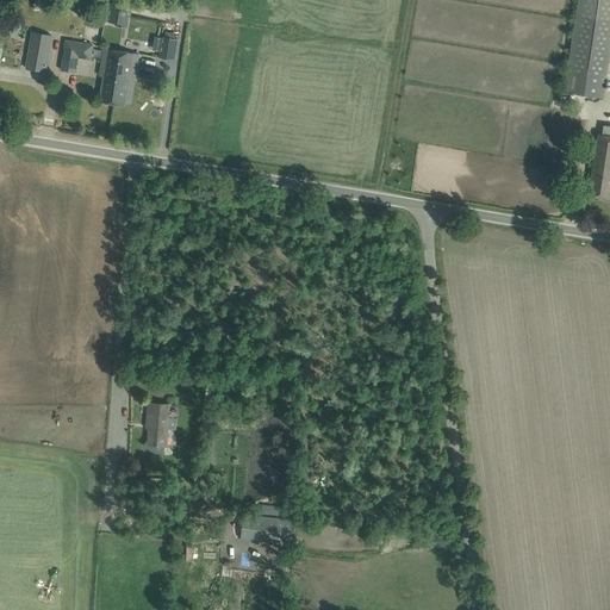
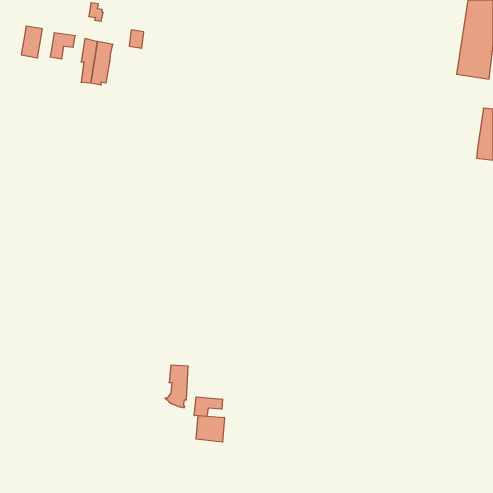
building: [142,403,170,455] -> [165,365,188,408]
building: none -> [194,397,223,416]

